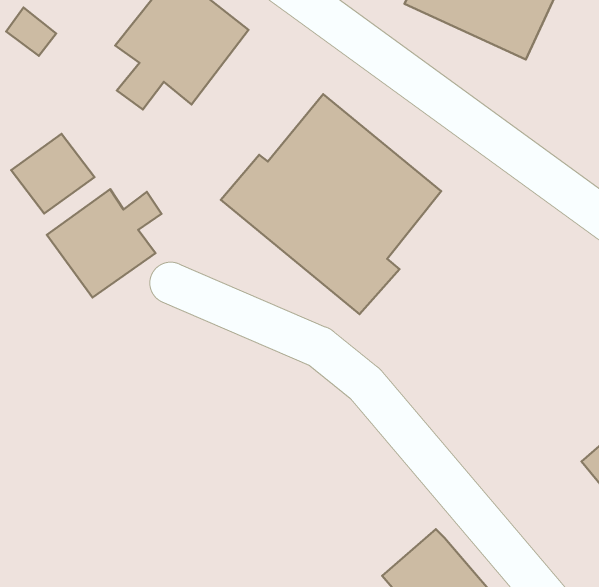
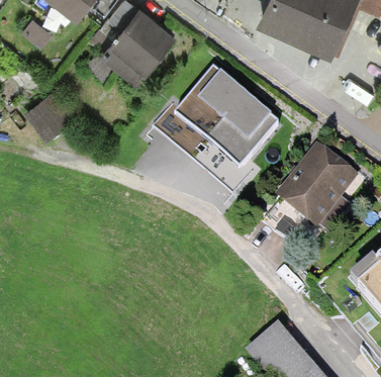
building: [47,189,162,298] -> none
building: none -> [277,140,359,225]

